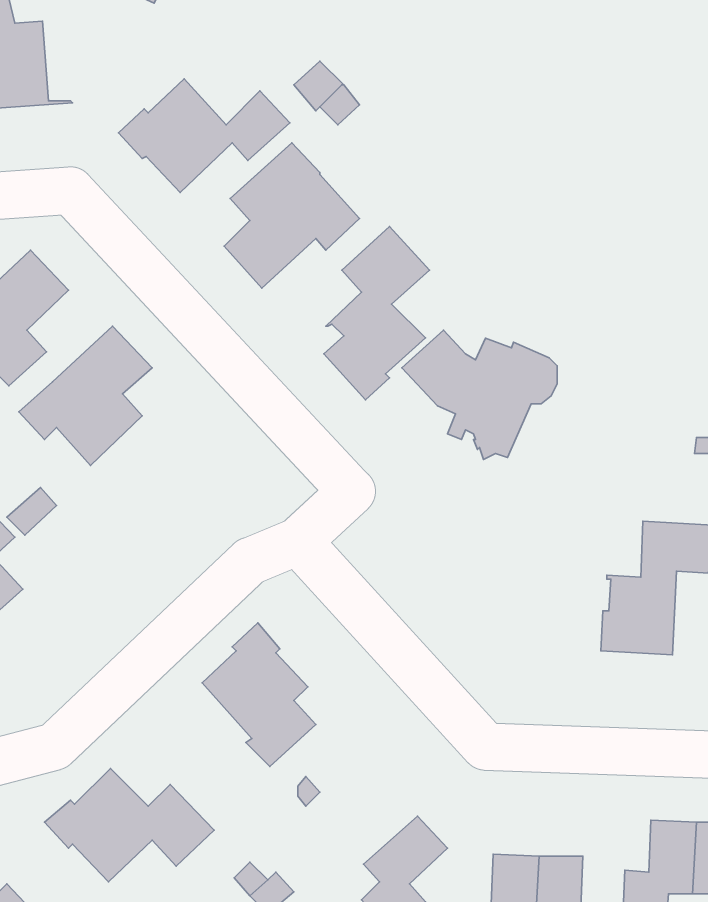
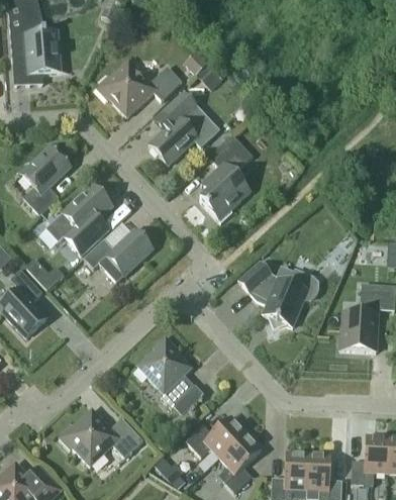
building: [402,330,557,460] -> [238,261,317,326]
building: none -> [83,228,152,282]
building: none -> [185,415,246,457]

